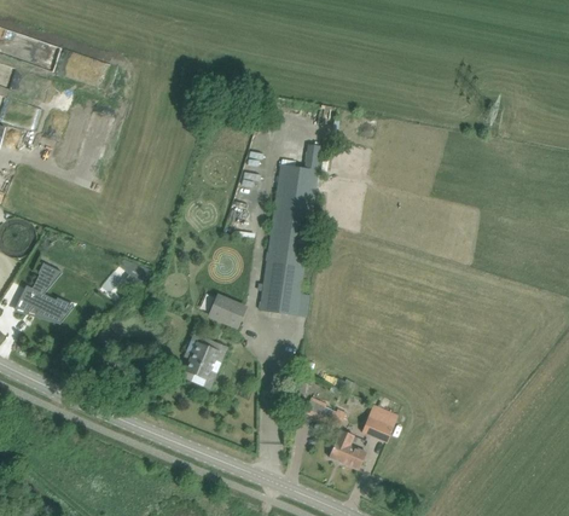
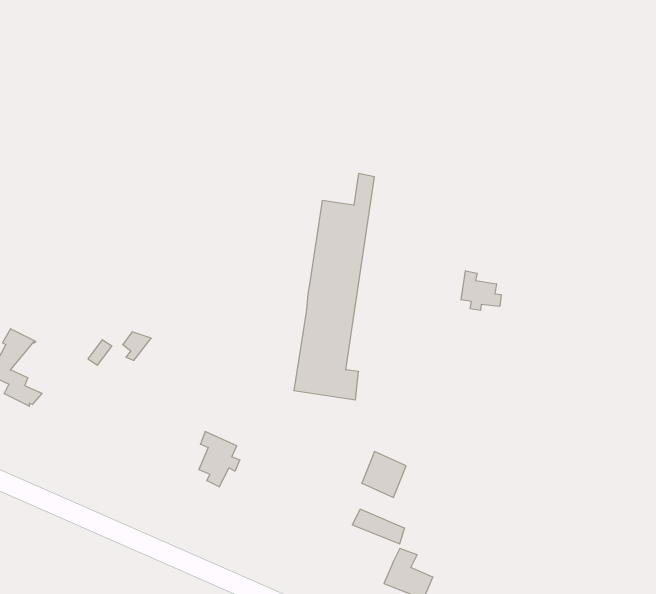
building: none -> [461,271,501,310]
building: [207,294,245,329] -> none
building: [361,407,395,442] -> [362,452,406,498]

